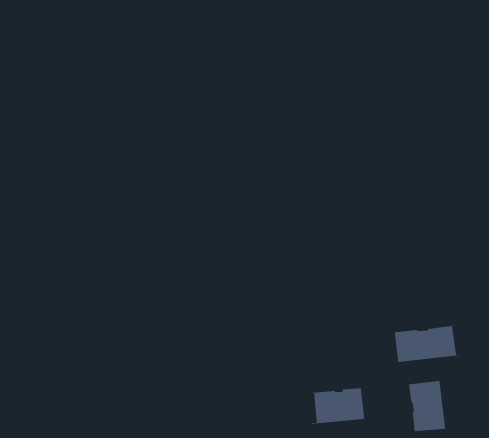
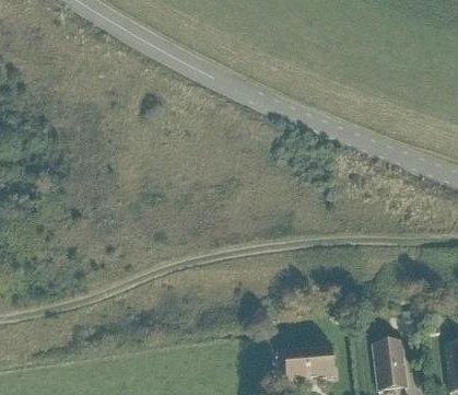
building: [394,324,463,363] -> none

